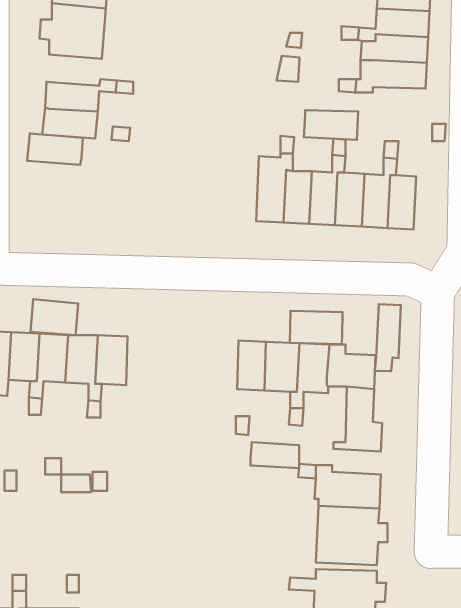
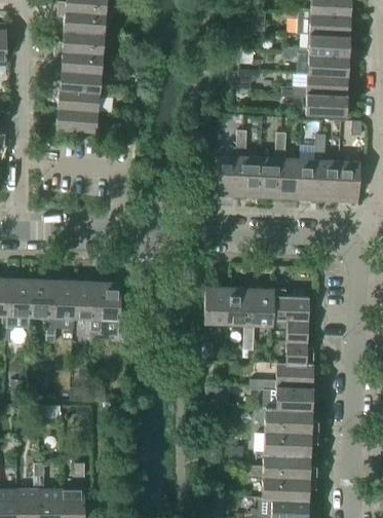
building: [304,110,358,140] -> [306,94,347,116]
building: [27,134,83,165] -> [60,69,102,92]
building: none -> [338,161,360,202]
building: [30,299,78,335] -> none
building: [375,304,401,371] -> none
building: [290,311,342,344] -> none
building: [250,442,299,468] -> [276,368,313,387]

